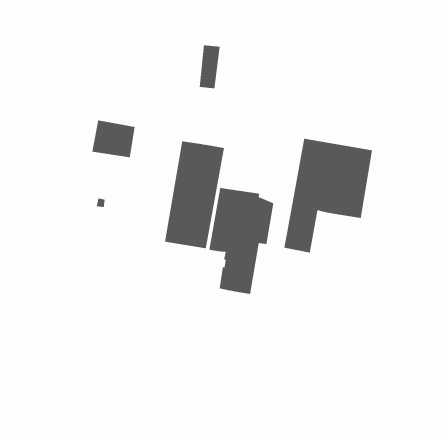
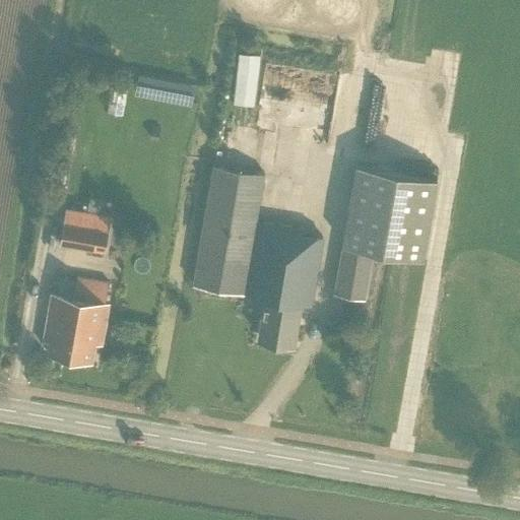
building: [92,120,136,158] -> [59,210,111,255]
building: none -> [43,280,110,364]

